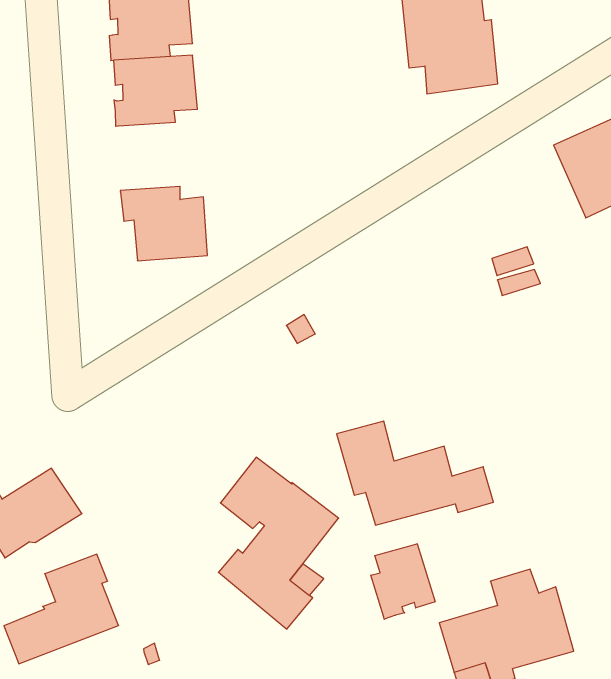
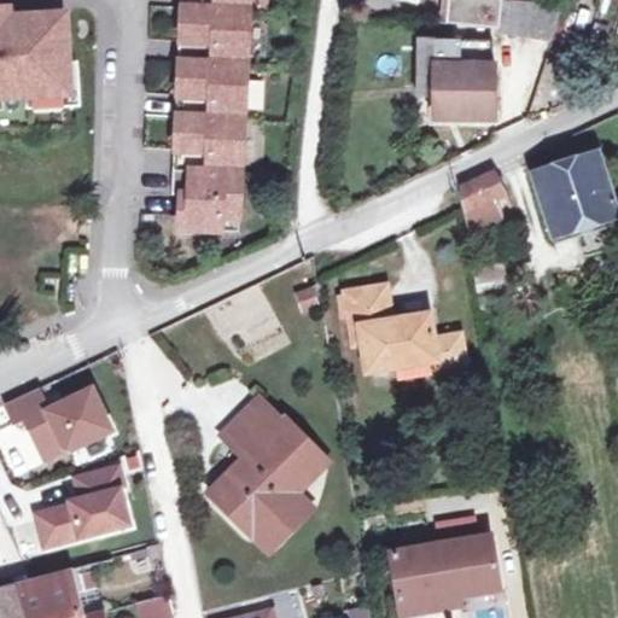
building: none -> [173,115,243,170]
building: none -> [460,170,503,237]
building: [337,421,493,525] -> [343,286,465,371]
building: [371,544,435,619] -> none

